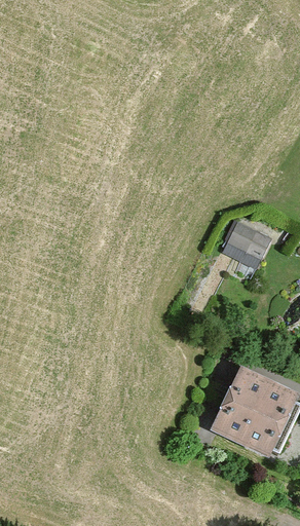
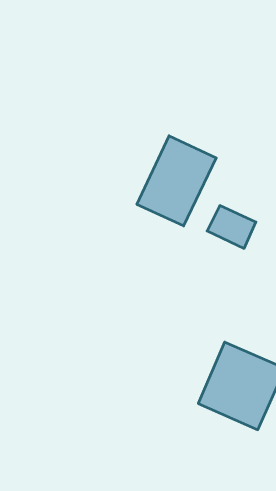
building: none -> [137,136,216,226]

